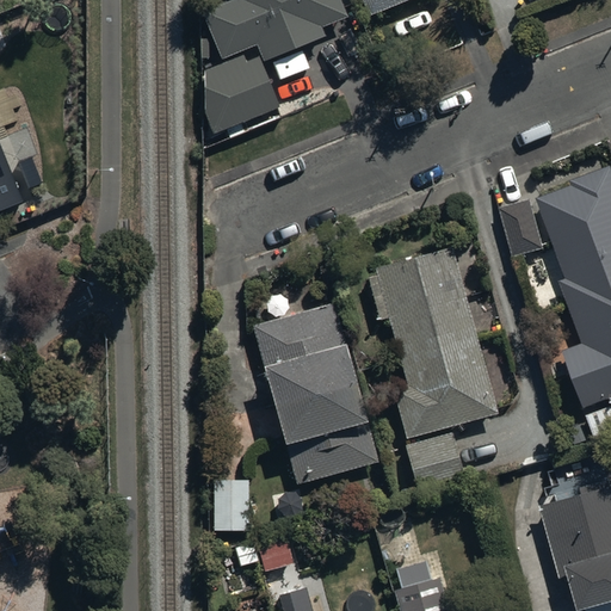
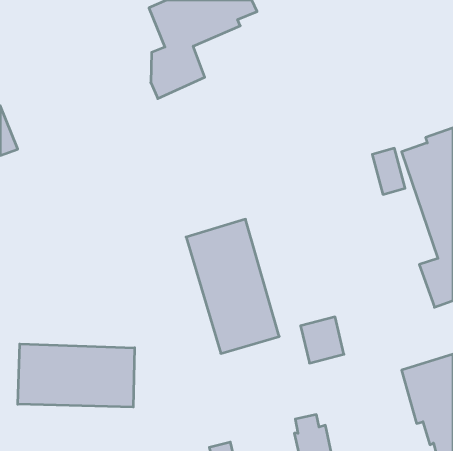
building: [368,245,496,431] -> none
building: none -> [18,344,135,407]
building: [211,477,251,529] -> none

